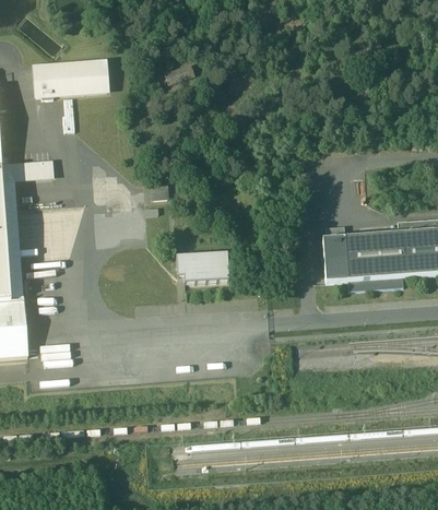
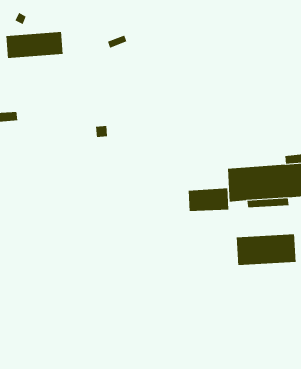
building: [177,251,230,282] -> [188,188,229,211]
building: none -> [236,233,296,266]

